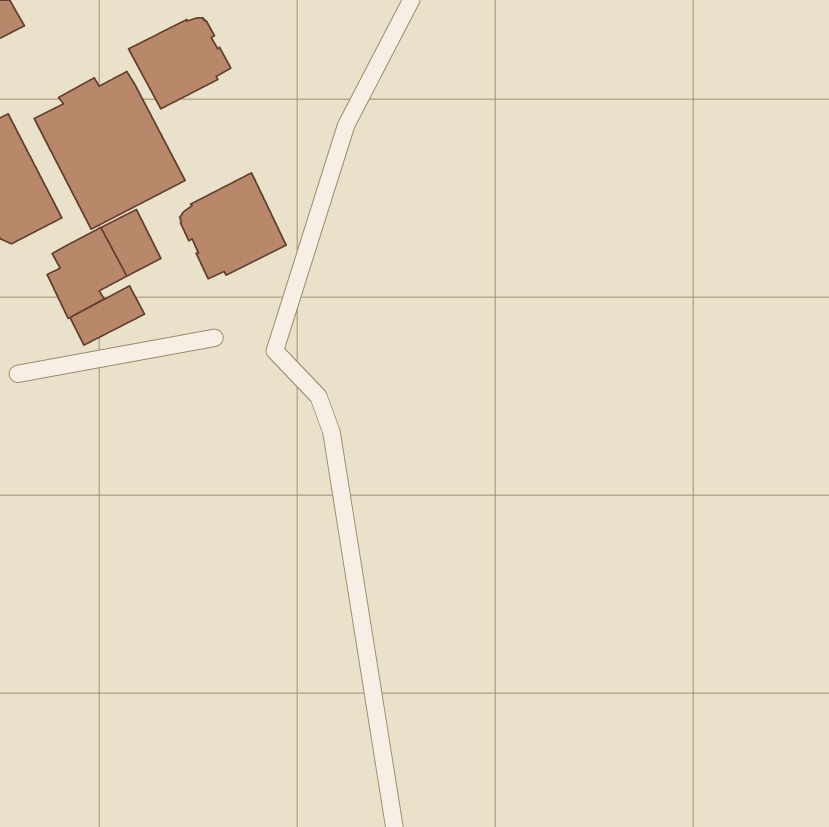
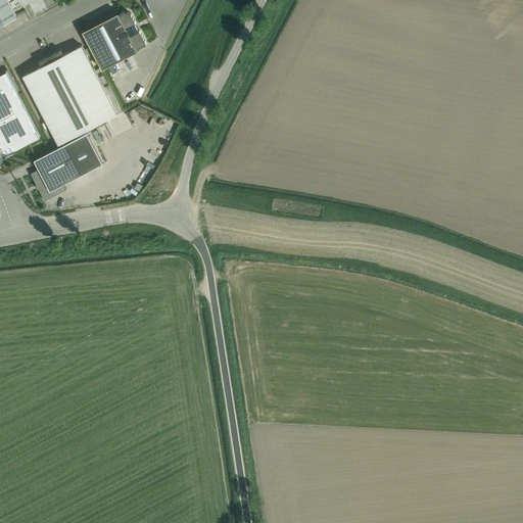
building: [180,173,286,279] -> none
building: [70,286,145,345] -> none

